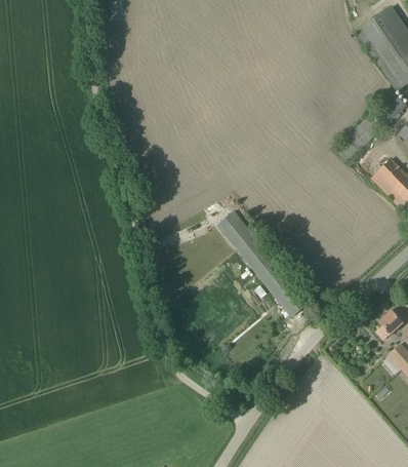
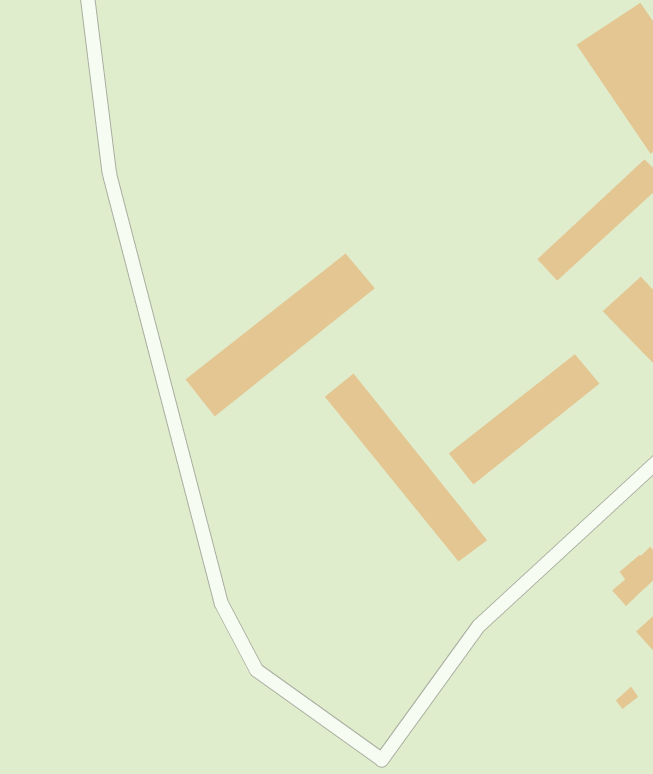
building: none -> [185,252,376,417]
building: none -> [448,353,601,485]

